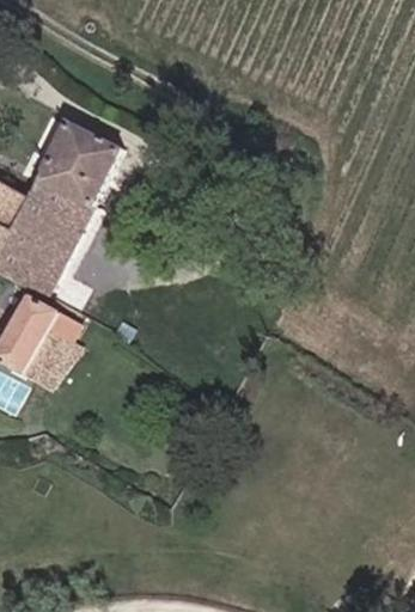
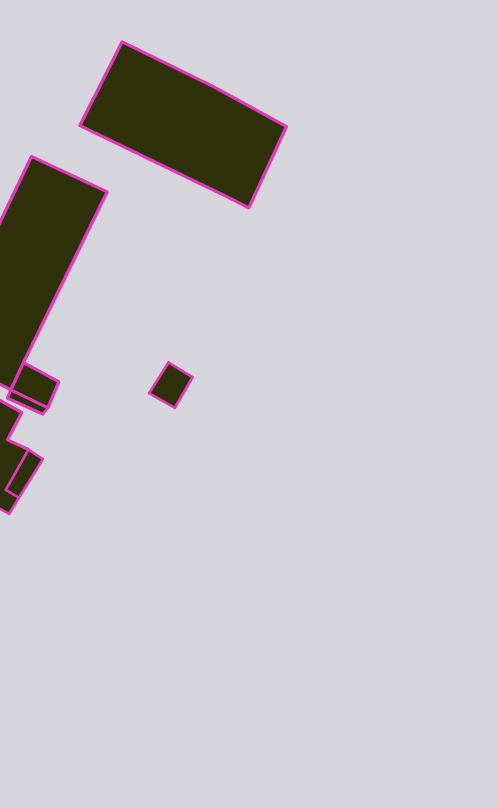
building: none -> [80,42,286,208]

